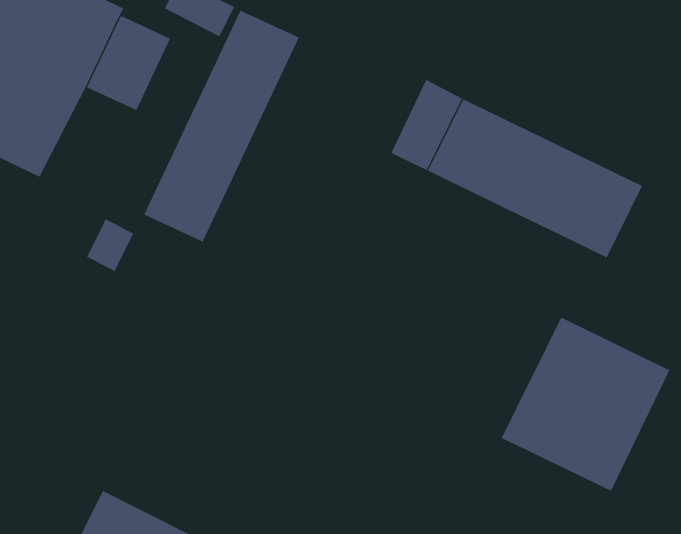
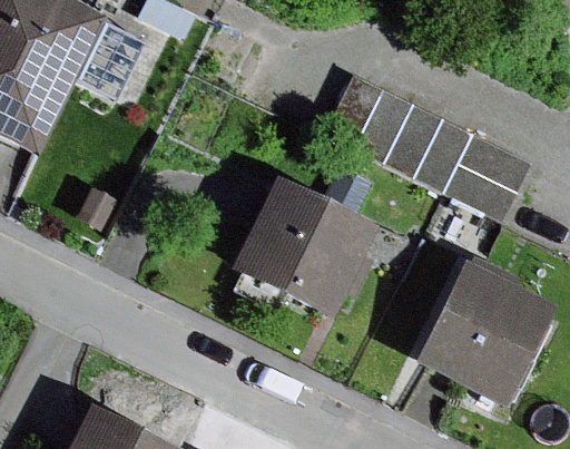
building: [144,10,300,242] -> none
building: none -> [230,178,377,319]

